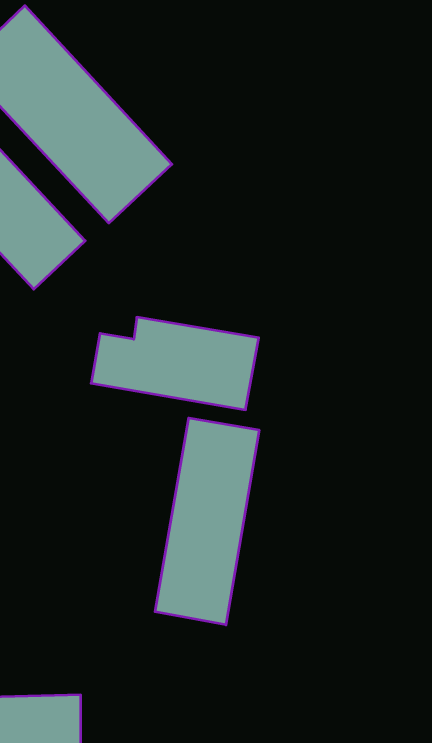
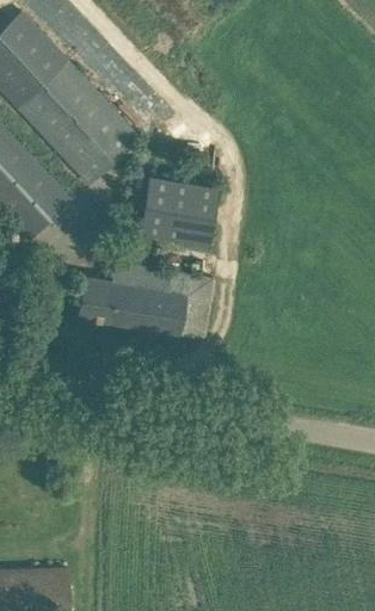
building: none -> [137,178,219,246]
building: [155,418,259,625] -> none

